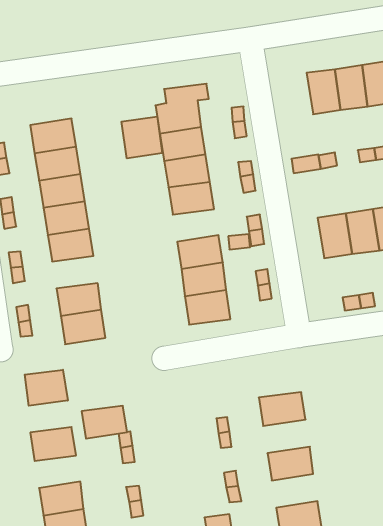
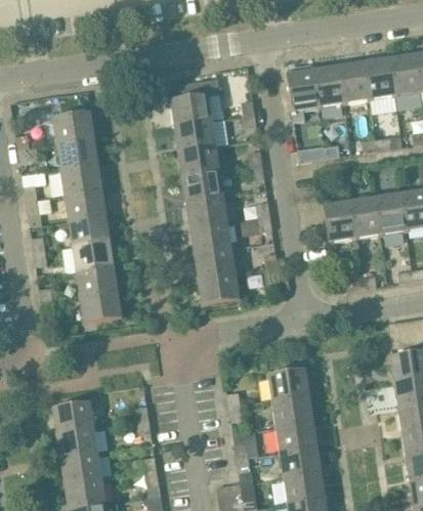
building: none -> [287,66,319,121]
building: [122,116,162,158] -> none
building: none -> [186,197,229,227]
building: none -> [73,241,116,271]
building: [25,370,68,406] -> none
building: [82,406,127,439] -> [56,428,99,459]
building: none -> [271,394,315,426]
building: none -> [280,445,323,477]

